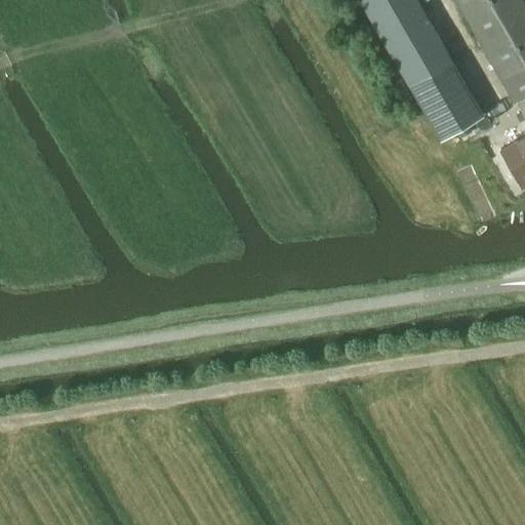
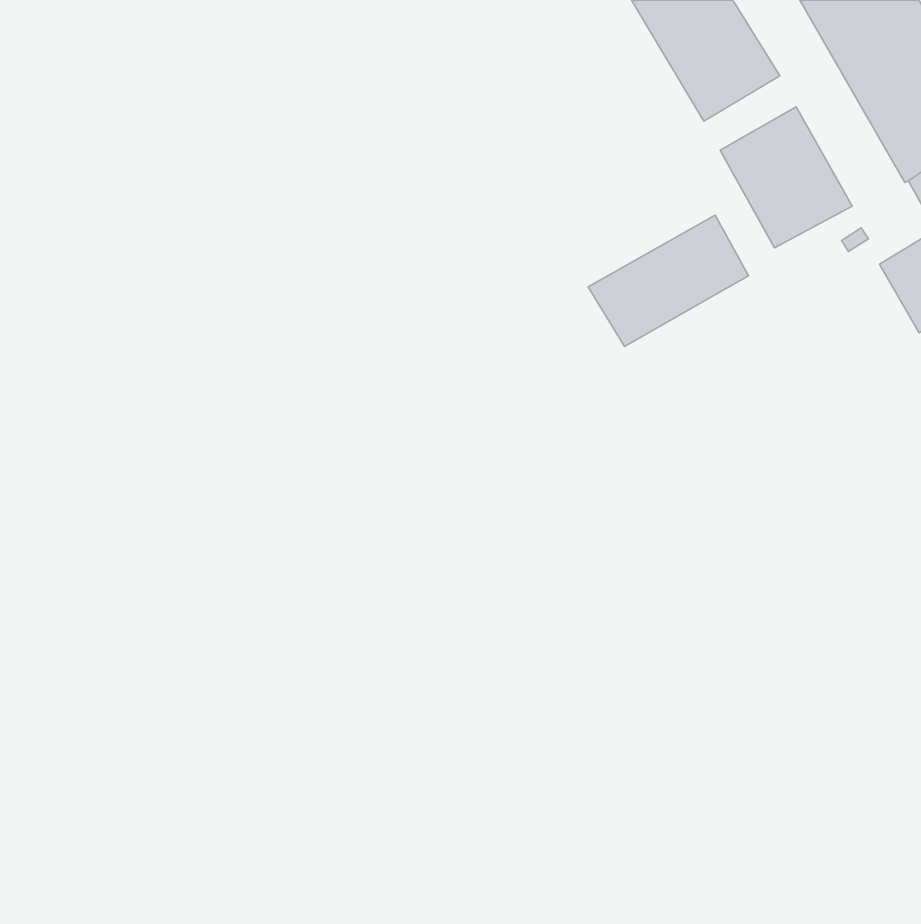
building: [401,43,453,85] -> none
building: none -> [588,215,749,346]

